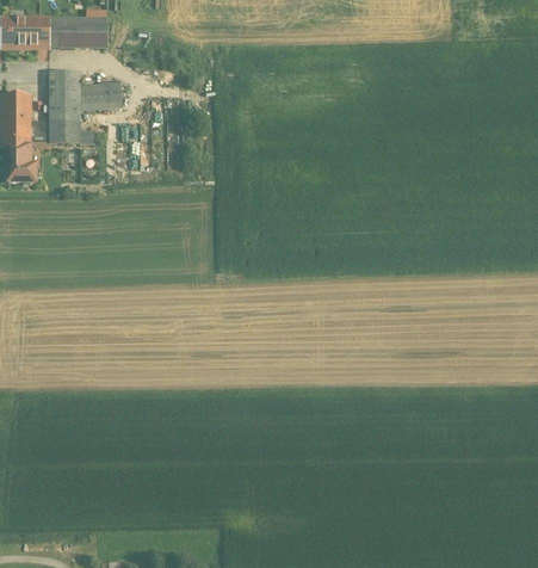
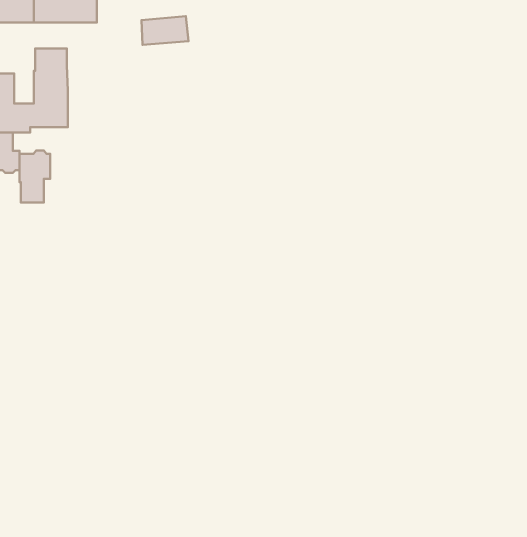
building: [79,82,122,109] -> [141,16,189,45]
building: none -> [20,151,50,202]

